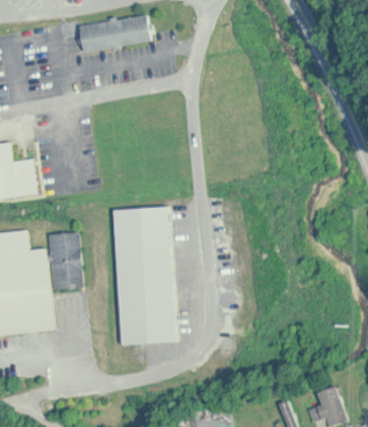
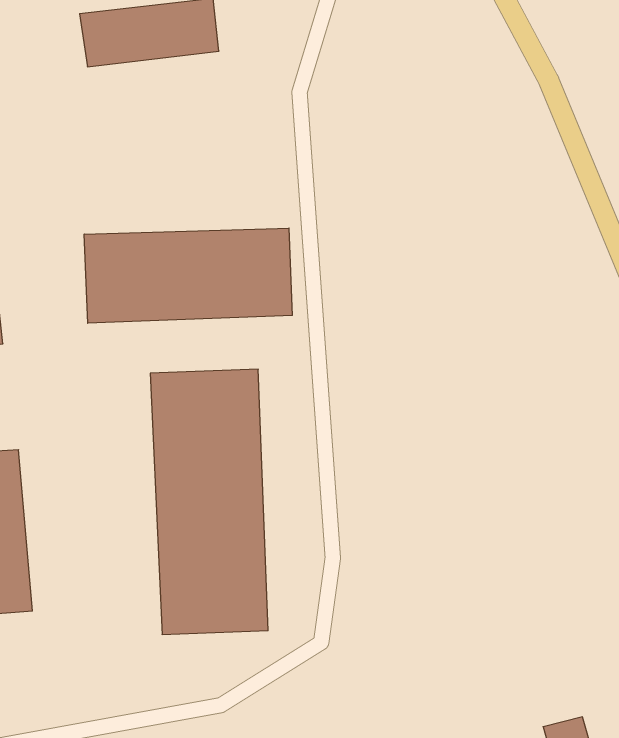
building: none -> [84,228,292,323]
building: [48,230,82,289] -> none

